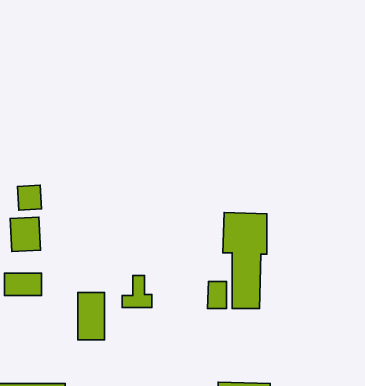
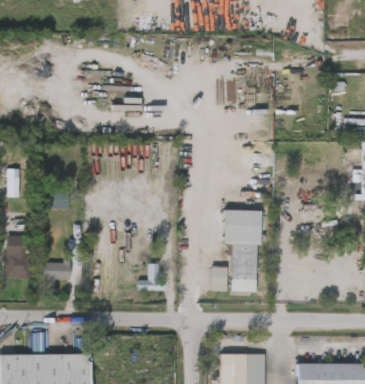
building: [10,217,41,252] -> none
building: [78,292,105,340] -> none

